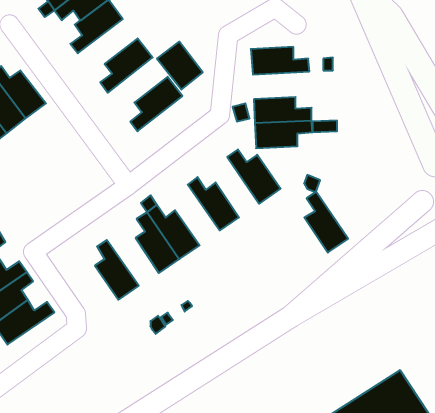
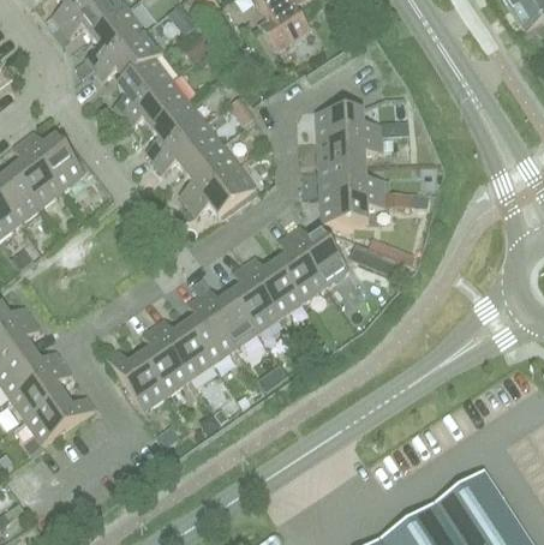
building: none -> [120,78,187,128]
building: none -> [154,121,221,172]
building: none -> [317,137,381,168]
building: none -> [187,164,255,216]
building: none -> [229,264,280,333]
building: [304,192,348,253] -> [275,233,324,301]
building: none -> [153,318,211,378]
building: none -> [107,349,166,411]

